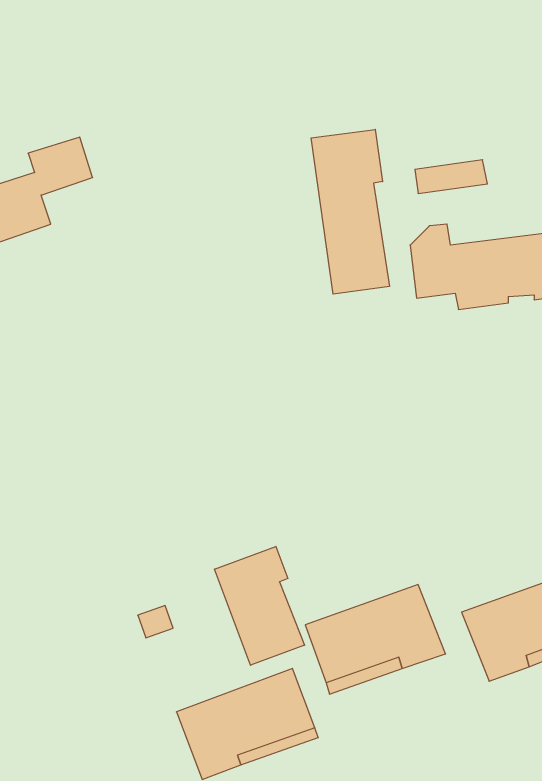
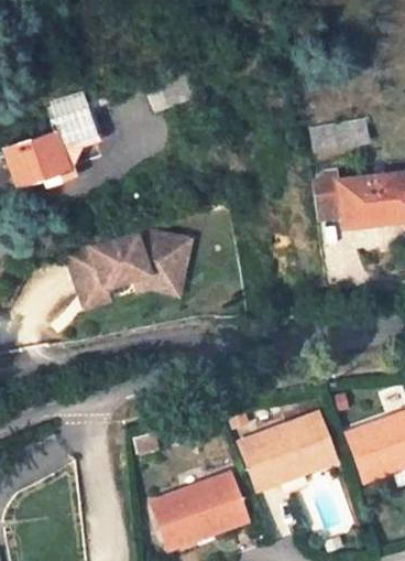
building: [311,129,389,294] -> none
building: none -> [68,233,189,294]
building: [215,546,305,665] -> none

